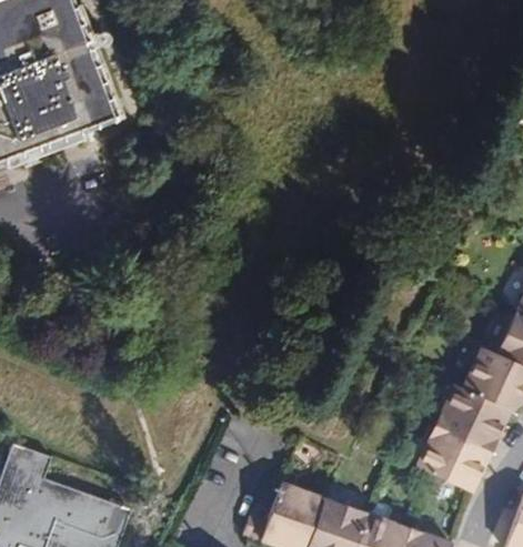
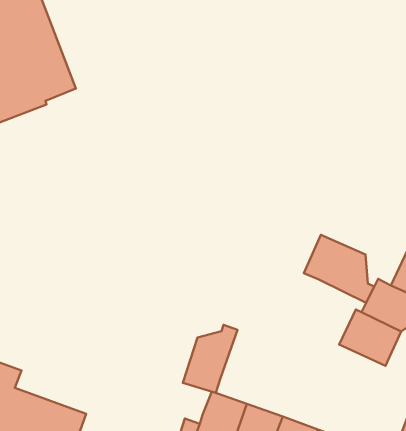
building: none -> [304,235,374,303]
building: none -> [183,325,238,393]
building: [415,426,490,493] -> none

